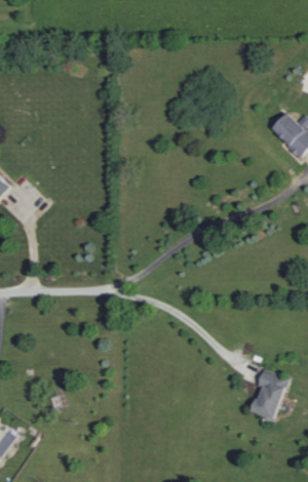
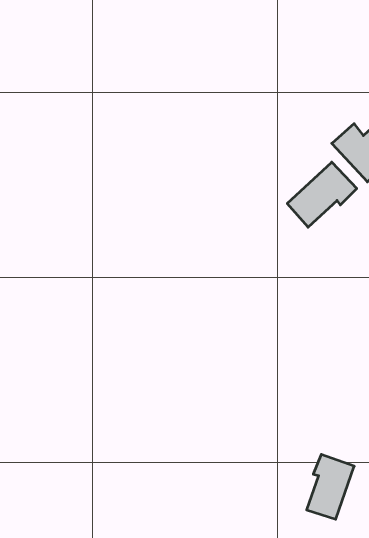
building: none -> [287,162,357,227]

